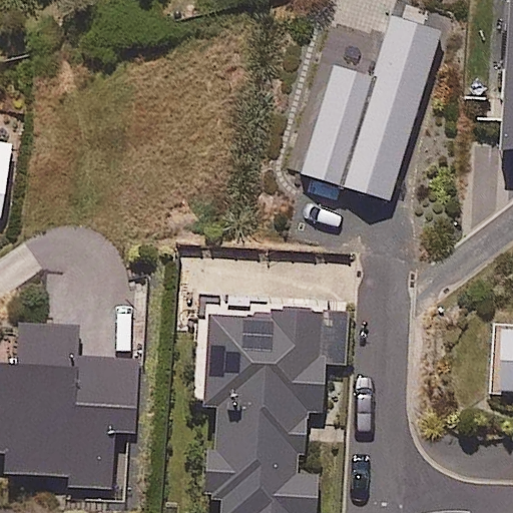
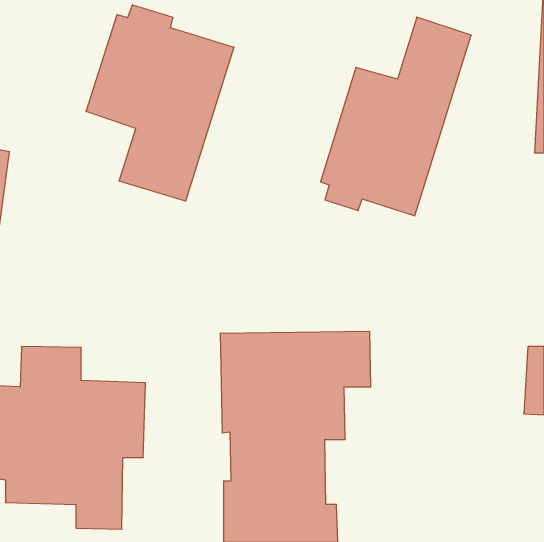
building: none -> [86,5,234,201]

